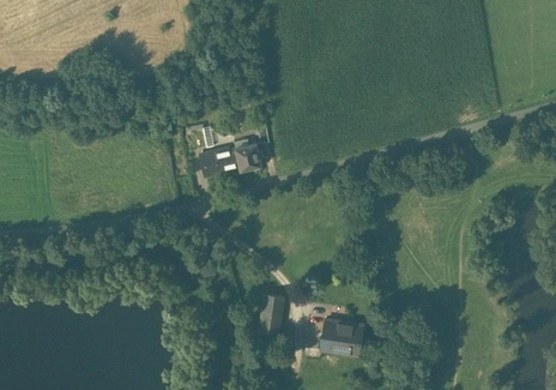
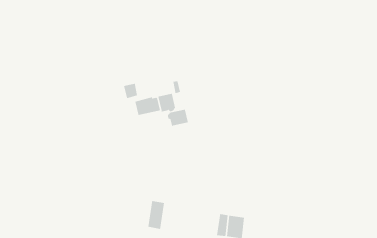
building: none -> [168,109,188,127]
building: [258,293,283,335] -> [148,201,165,229]

